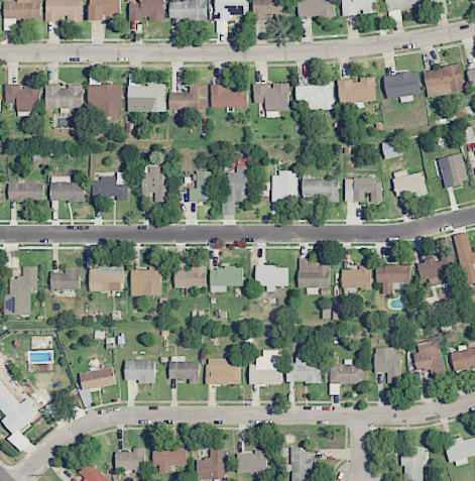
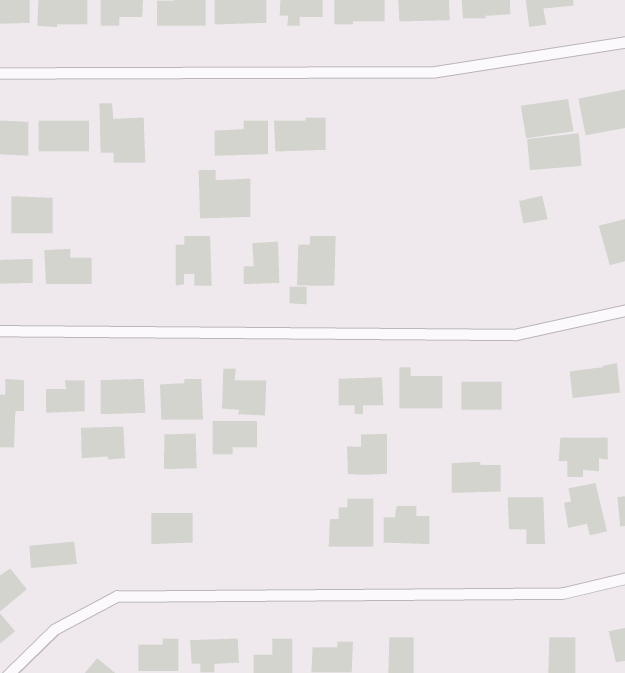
building: [128,78,165,112] -> [198,170,251,219]
building: [338,78,377,104] -> [526,133,583,170]
building: [254,83,288,117] -> none
building: [295,83,334,110] -> none
building: none -> [11,196,53,234]
building: [392,169,427,197] -> none
building: [271,171,298,200] -> none
building: [92,172,128,201] -> none
building: [303,177,339,202] -> none
building: [345,178,381,202] -> none
building: [376,265,411,293] -> [558,437,608,477]
building: [211,267,243,291] -> [212,420,258,455]
building: none -> [80,426,126,460]
building: none -> [164,433,197,470]
building: none -> [346,433,388,475]
building: [170,356,200,380] -> none
building: [207,358,241,384] -> none
building: [330,362,365,384] -> [451,461,501,493]
building: [81,369,115,388] -> [29,541,78,569]

